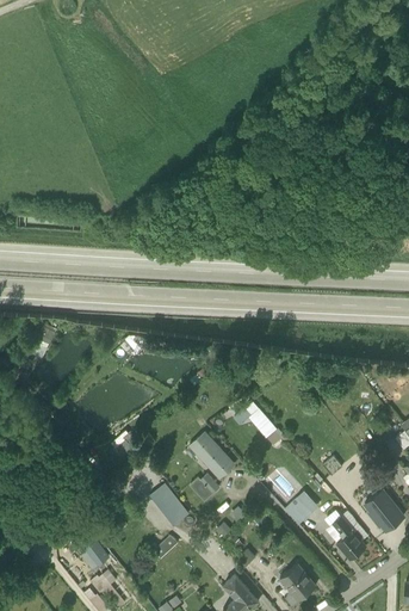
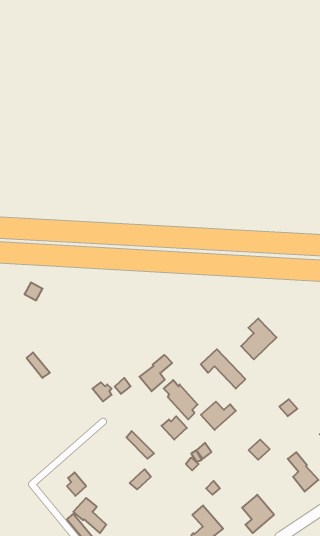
building: none -> [241,318,277,359]
building: none -> [139,355,172,391]
building: none -> [201,402,236,430]

